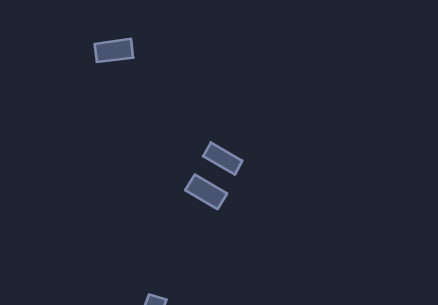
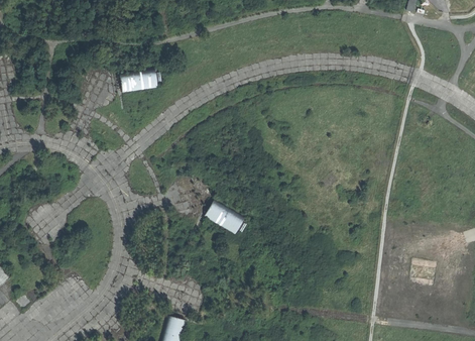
building: [203,142,242,175] -> none

